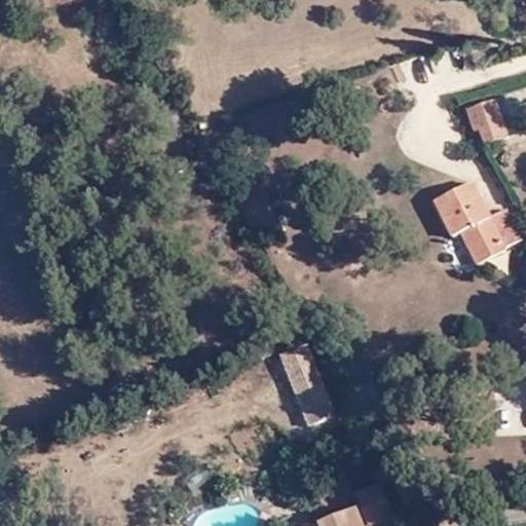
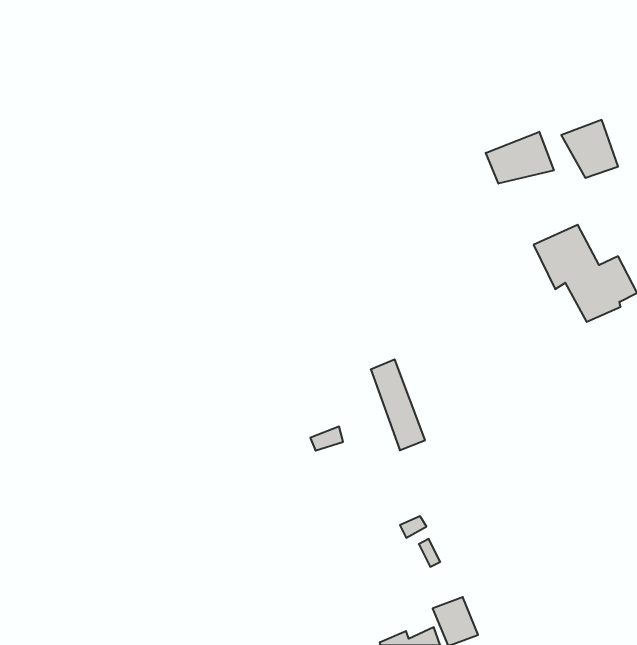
building: none -> [486,132,554,184]
building: [284,350,328,424] -> [371,359,425,450]

